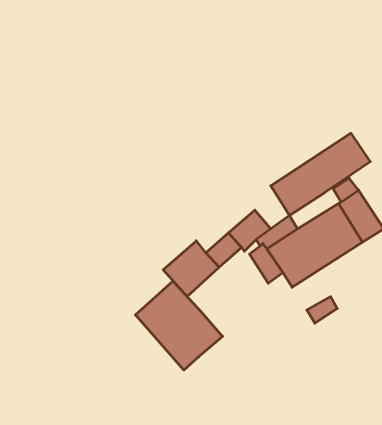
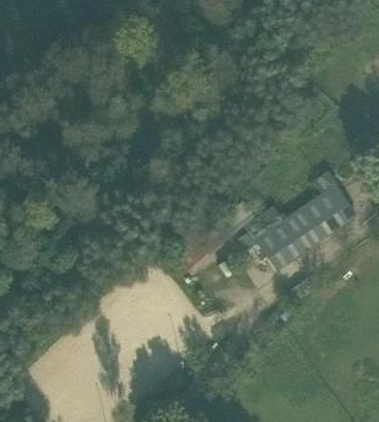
building: [271,133,370,215] -> none
building: [135,281,223,370] -> none

